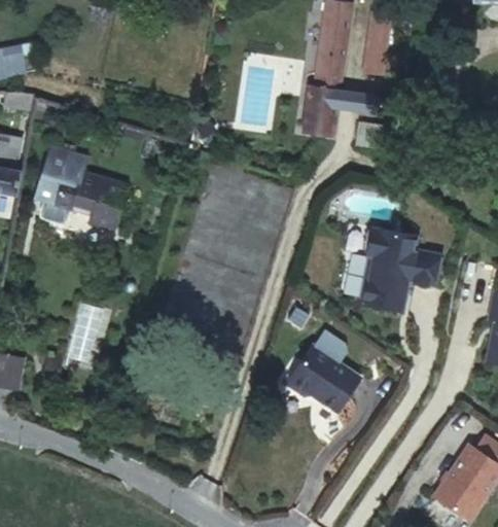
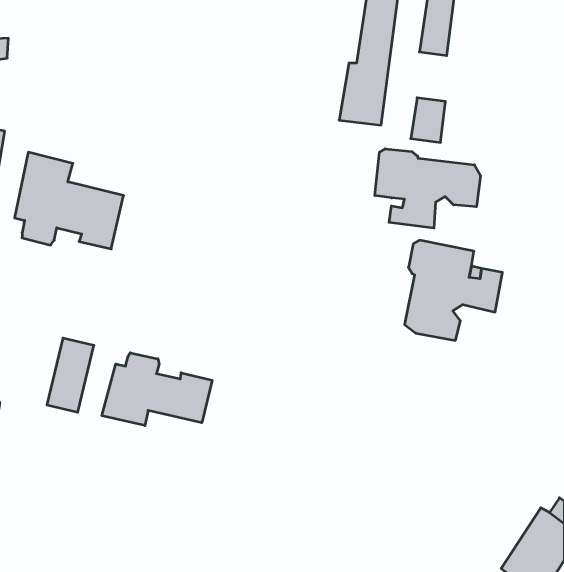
building: none -> [375,149,480,228]
building: none -> [102,353,212,426]
building: [291,342,362,409] -> none

